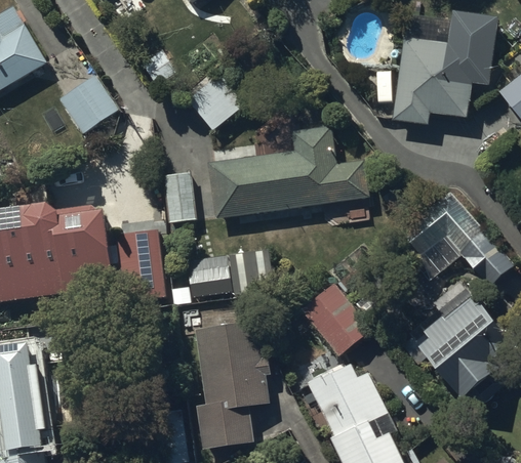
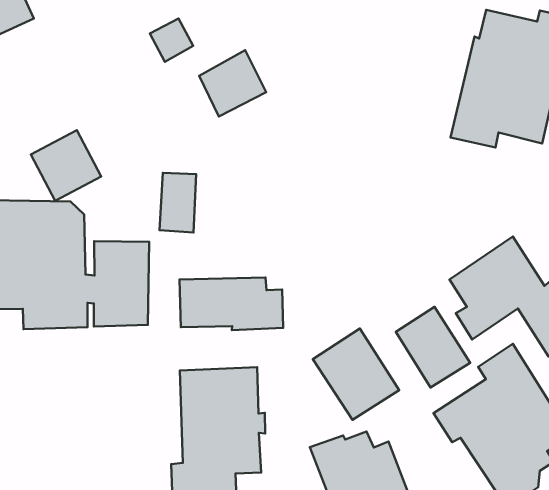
building: [58,75,117,133] -> [31,130,101,201]
building: [208,125,372,217] -> none
building: none -> [396,307,470,387]

